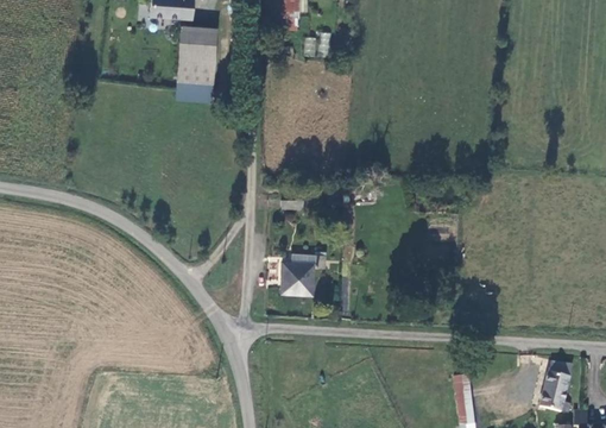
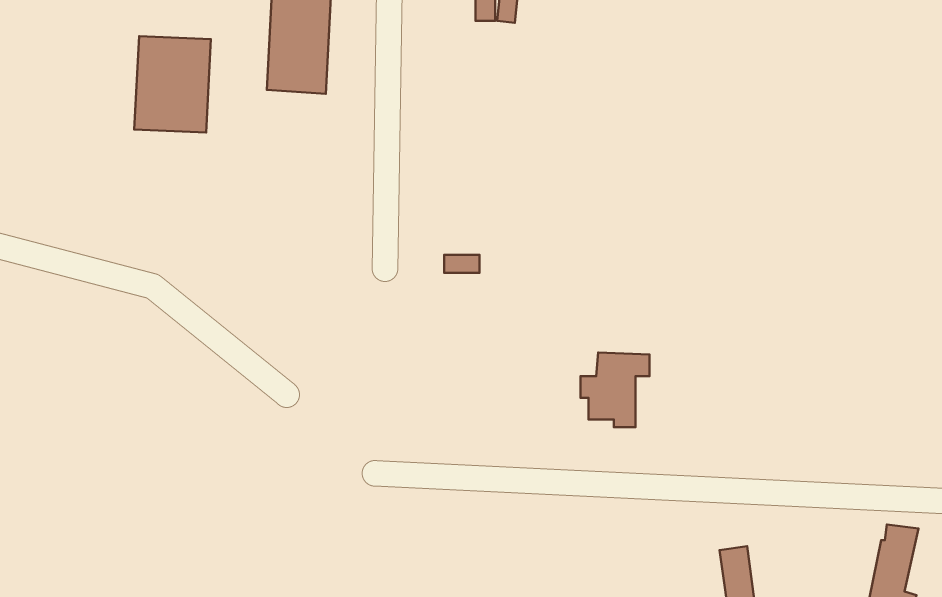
building: none -> [134,36,211,132]
building: [284,251,326,296] -> [581,353,649,427]

